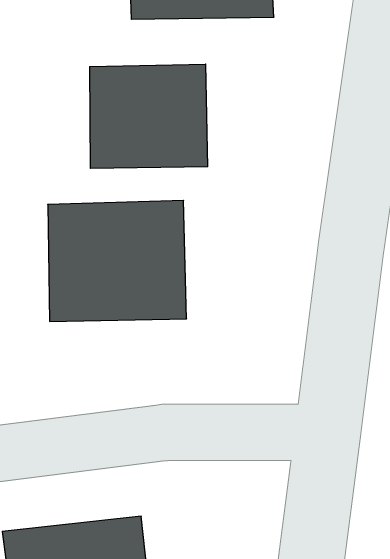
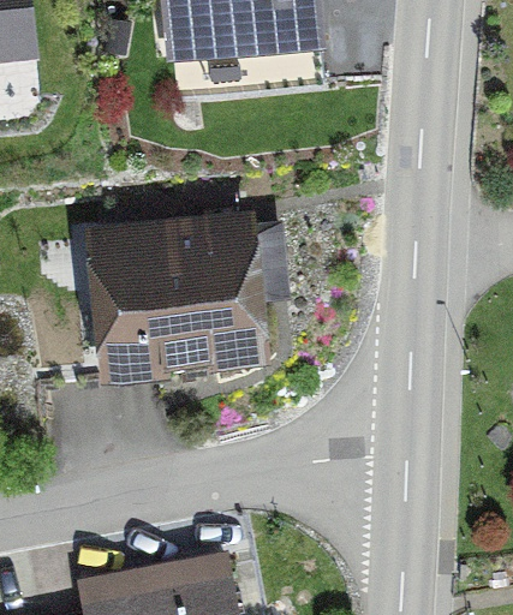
building: [90,64,208,168] -> none

